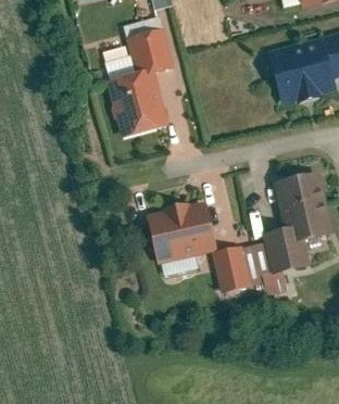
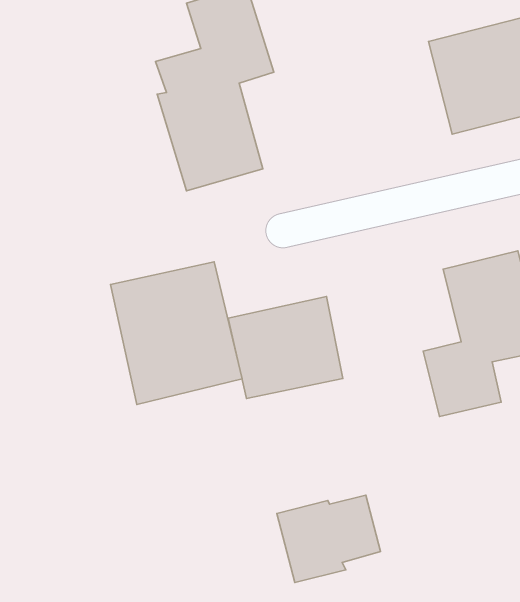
building: none -> [110,262,242,405]
building: [212,241,274,293] -> [277,495,381,583]

